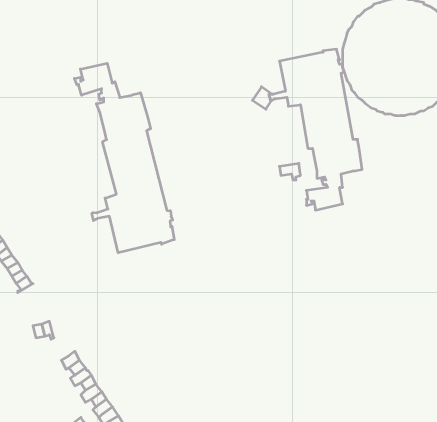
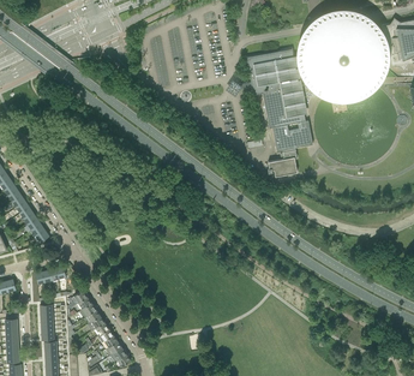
building: [74,63,174,253] -> none

